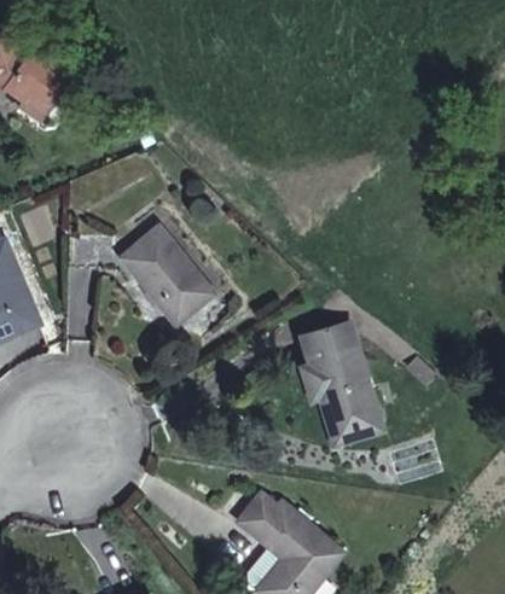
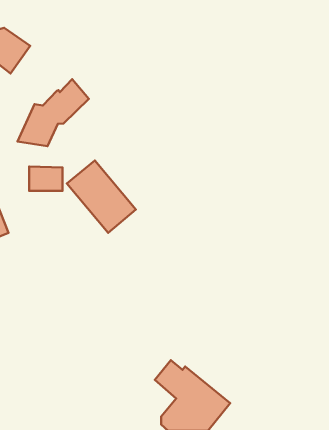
building: none -> [18,79,89,146]
building: [300,321,381,444] -> none

